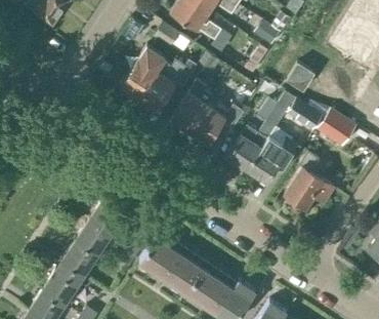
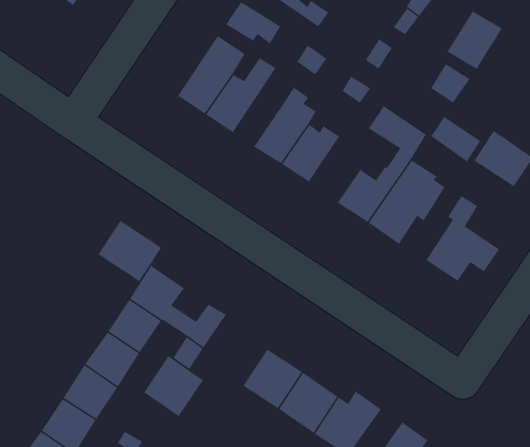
building: none -> [447,10,503,70]
building: none -> [98,220,162,282]
building: [141,236,181,277] -> [143,355,204,417]

